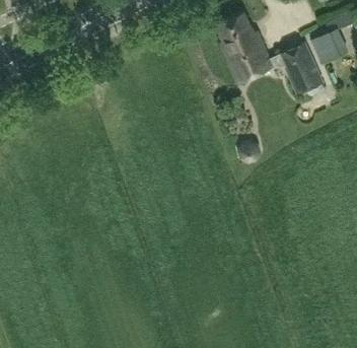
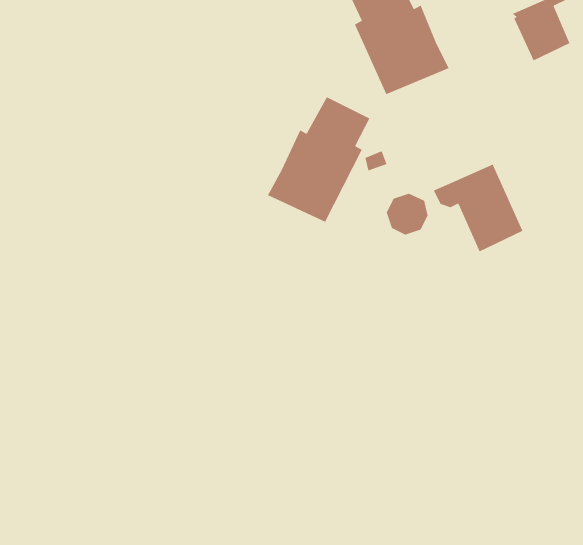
building: [272,43,324,93] -> [433,164,523,253]
building: none -> [267,96,371,223]

